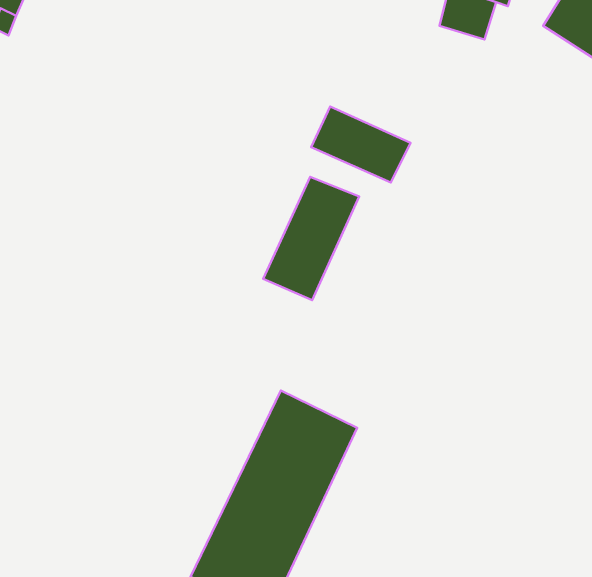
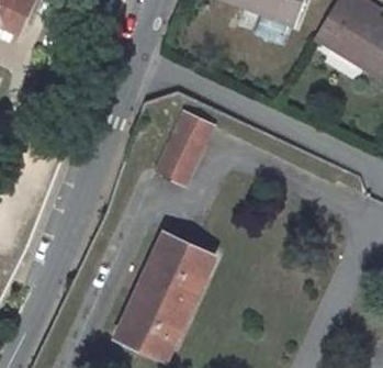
building: [311,106,411,182] -> none

